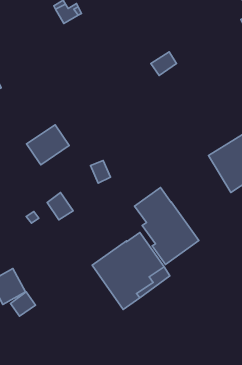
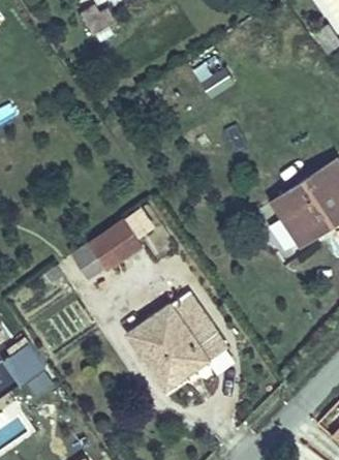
building: [27,125,69,165] -> [90,220,143,270]
building: [134,188,199,265] -> none

